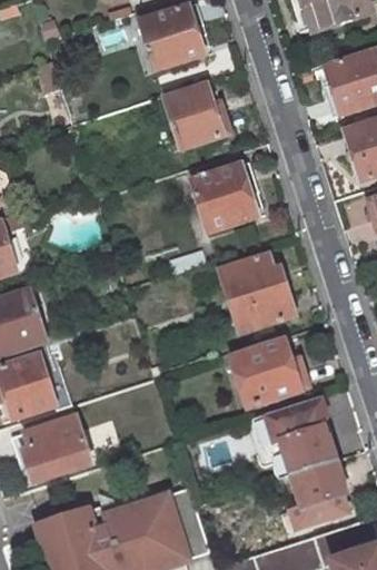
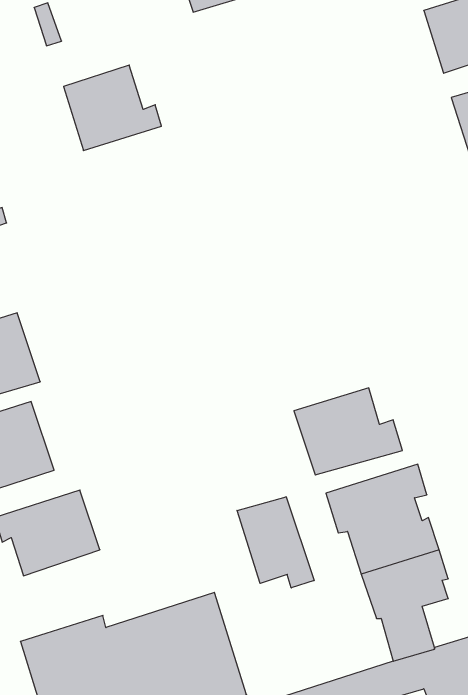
building: [168,82,239,145] -> [64,65,161,151]
building: [192,161,257,227] -> none
building: [226,255,295,330] -> none
building: none -> [237,497,314,588]

